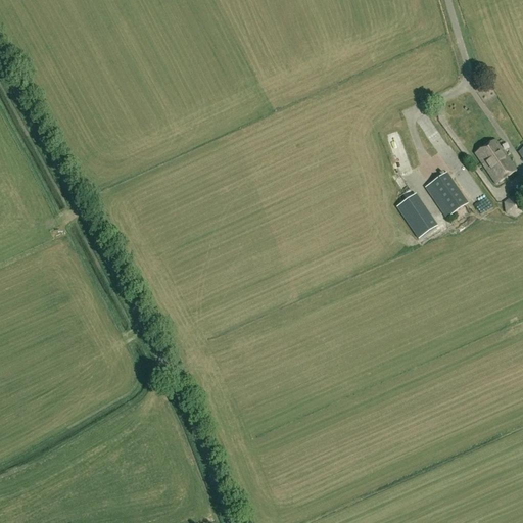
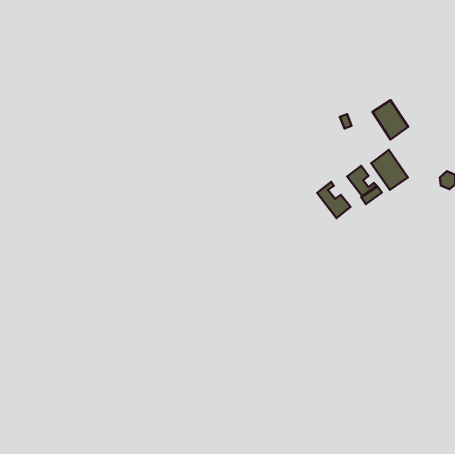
building: [475,139,516,184] -> [373,100,408,139]
building: none -> [317,182,351,218]

